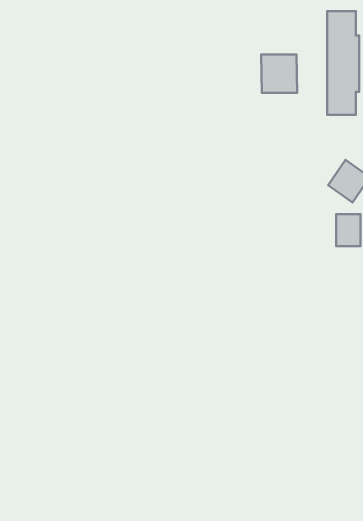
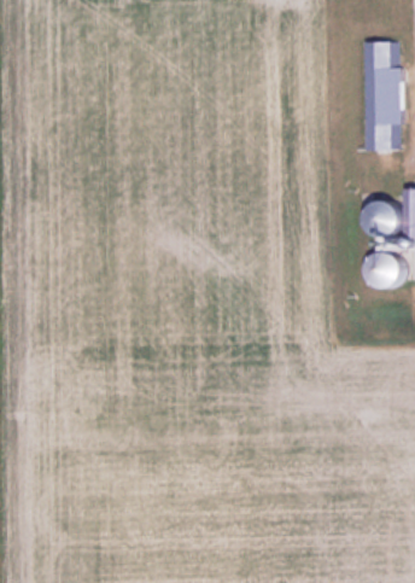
building: [261,55,297,93] -> none

